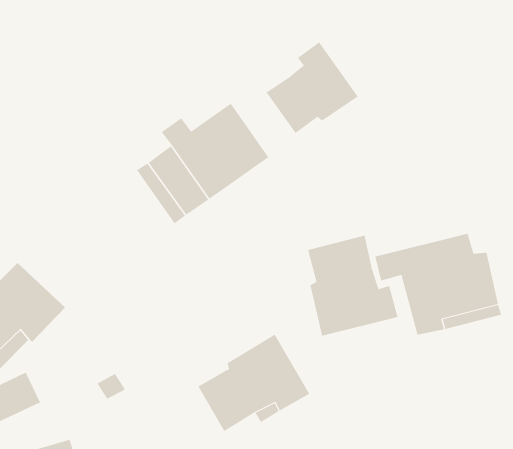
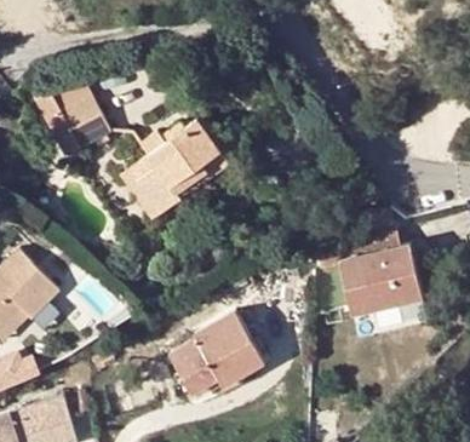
building: [266,41,359,134] -> none
building: none -> [57,96,110,150]
building: [307,235,398,336] -> none

